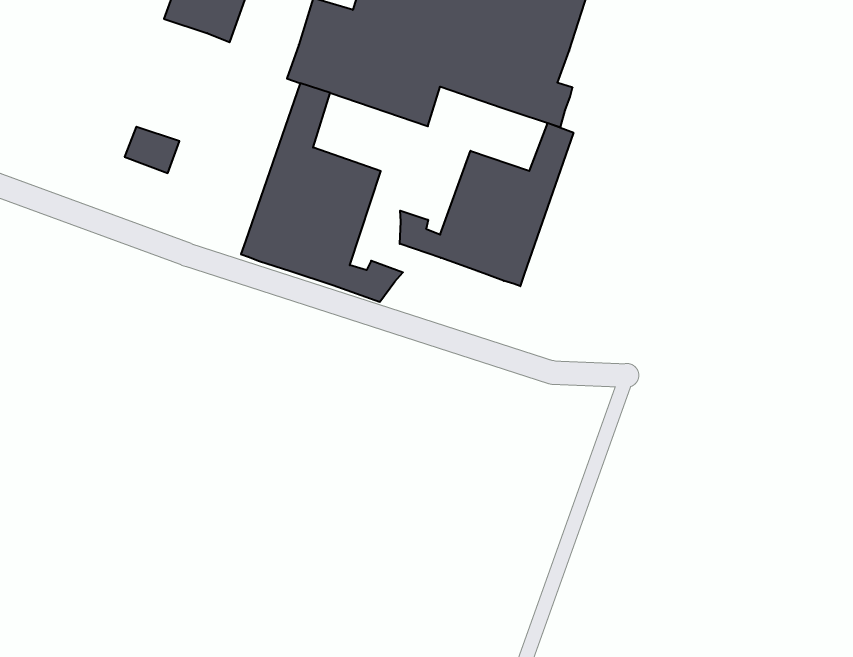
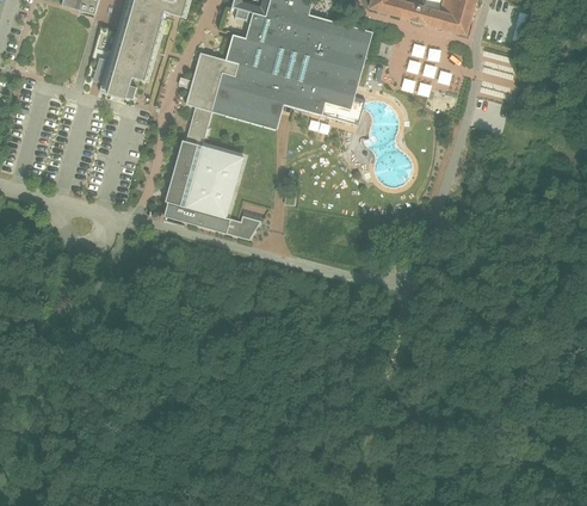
building: [400,123,573,286] -> none
building: [125,127,179,173] -> [100,72,134,99]

